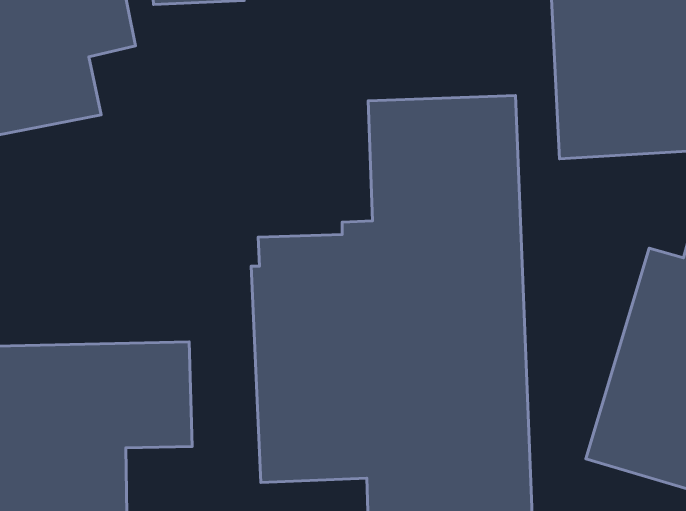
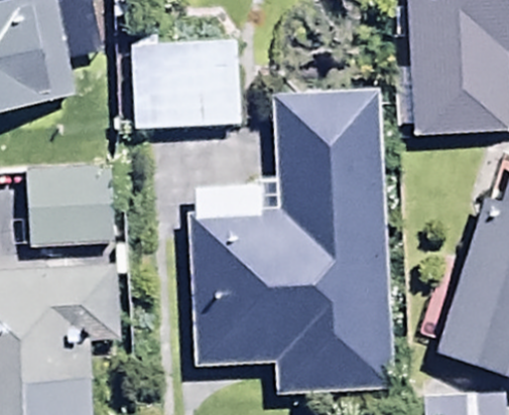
building: none -> [127,36,244,131]
building: none -> [23,167,114,247]

